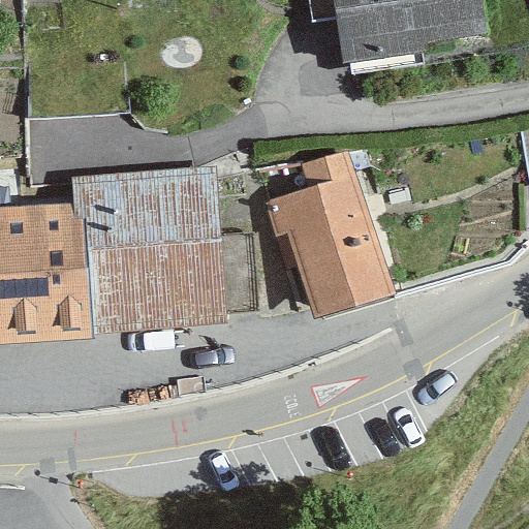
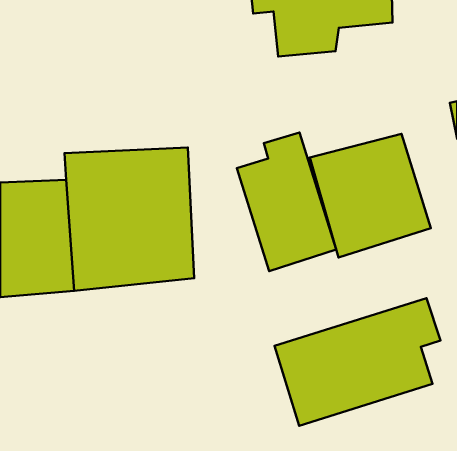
building: none -> [310,134,431,257]
building: none -> [275,298,440,426]

